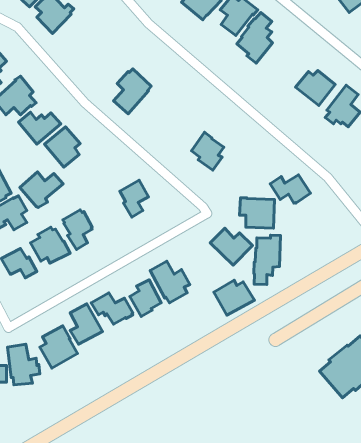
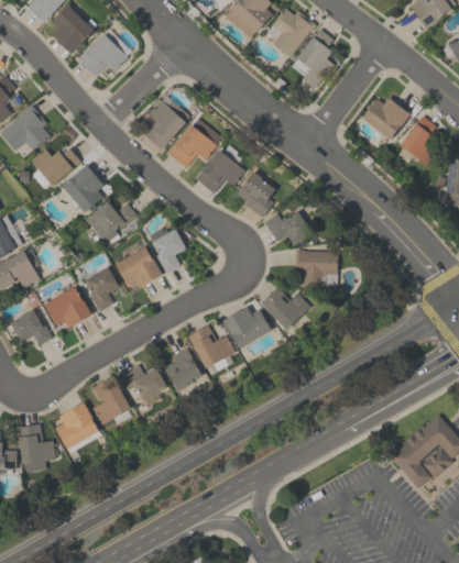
building: none -> [77,34,128,77]
building: none -> [168,119,221,167]
building: none -> [196,150,245,192]
building: [20,172,63,208] -> [87,201,139,244]
building: [270,175,311,203] -> [264,211,313,245]
building: none -> [116,246,162,287]
building: [254,235,281,285] -> none
building: [214,280,254,315] -> [223,307,272,349]

